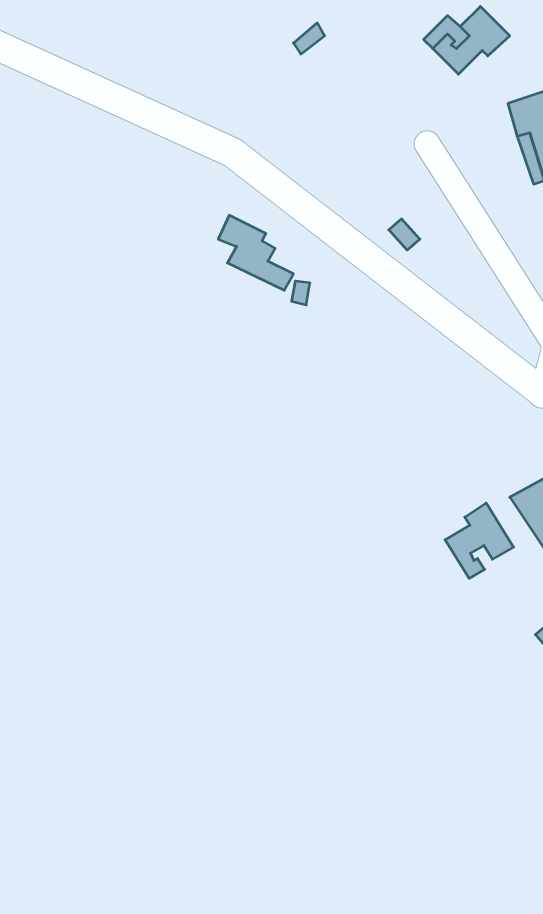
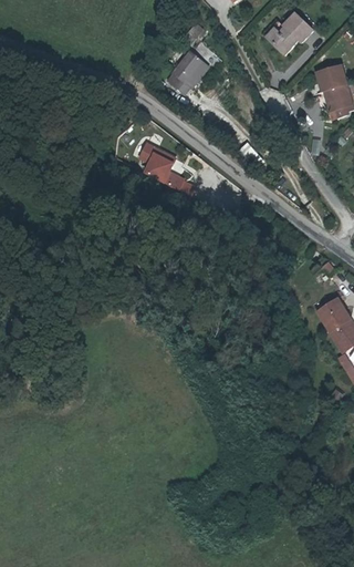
building: none -> [171,51,201,93]
building: [445,503,514,578] -> none

